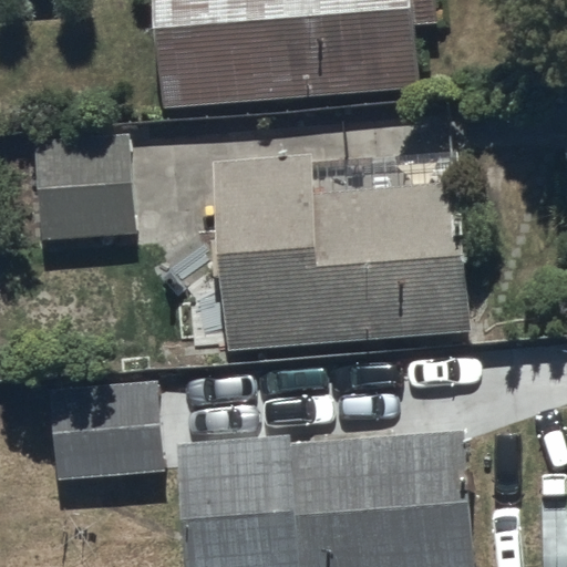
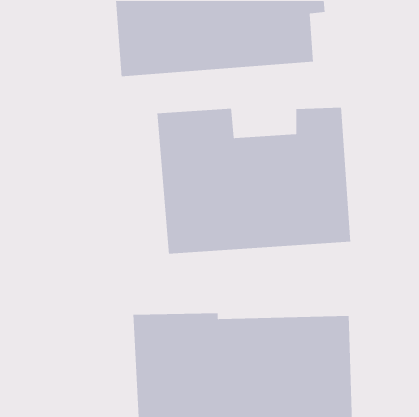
building: [33,134,131,238] -> none
building: [50,377,161,508] -> none

